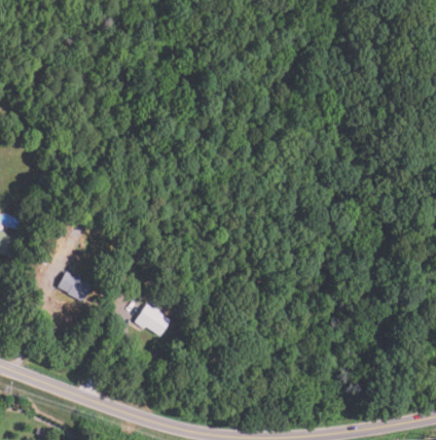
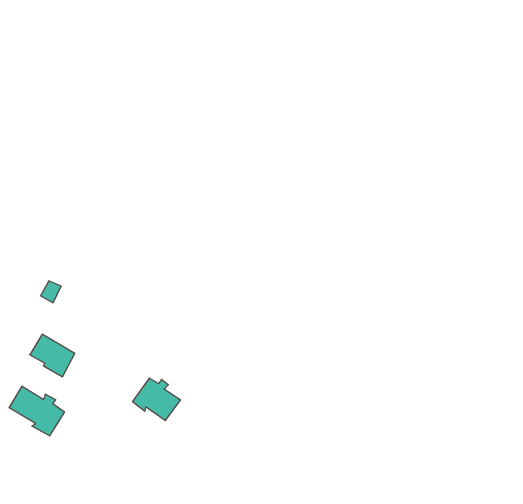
building: none -> [9,386,64,436]

